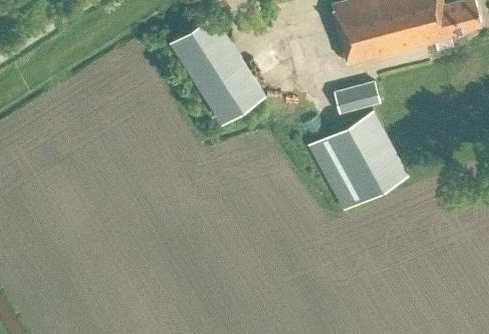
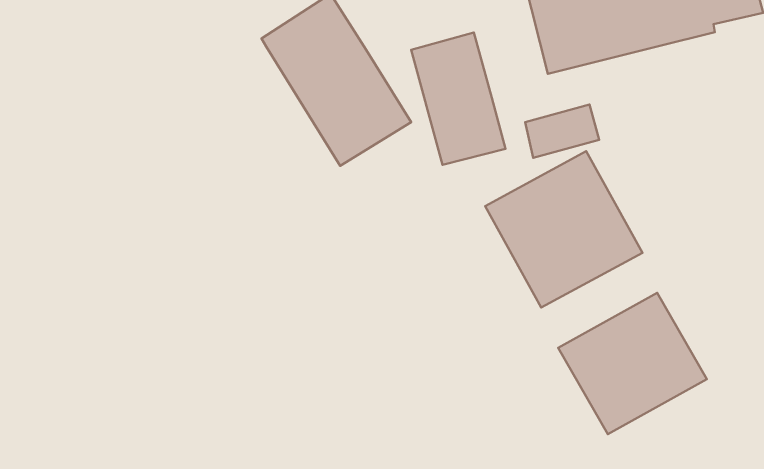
building: none -> [411,32,505,165]
building: none -> [558,293,707,434]

